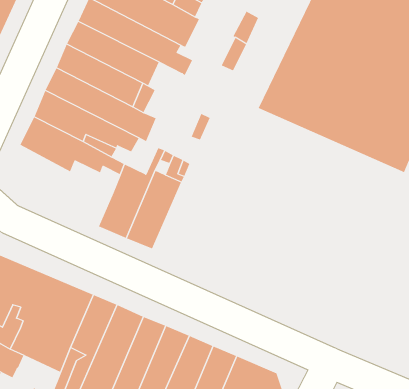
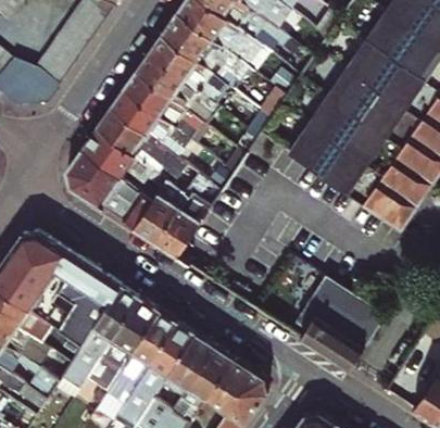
building: none -> [65,149,152,229]
building: none -> [297,278,384,369]

